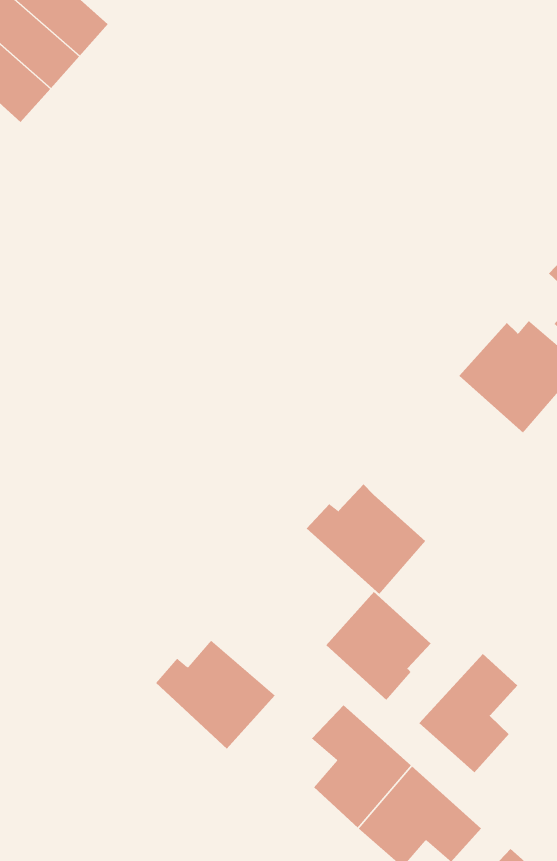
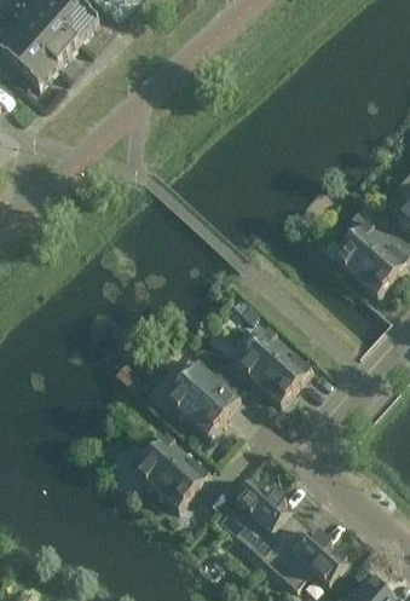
building: [325,591,431,701] -> [166,362,237,435]
building: [418,653,518,773] -> none

